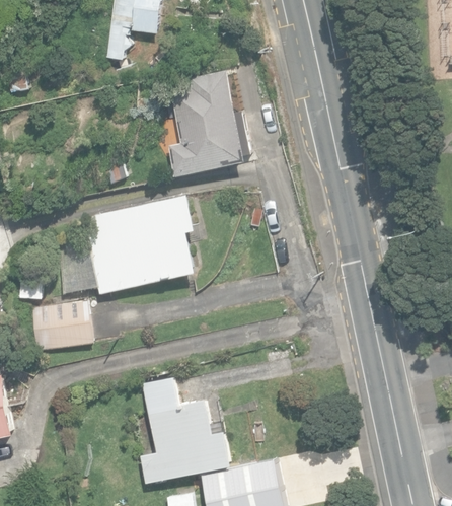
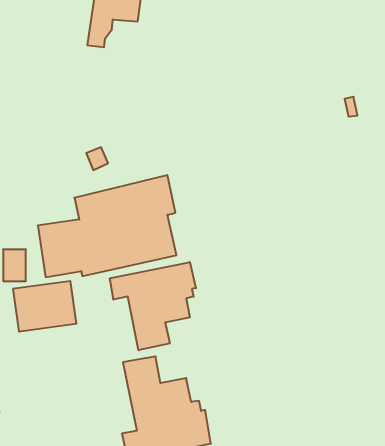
building: [167,71,245,176] -> none
building: none -> [110,262,196,350]

